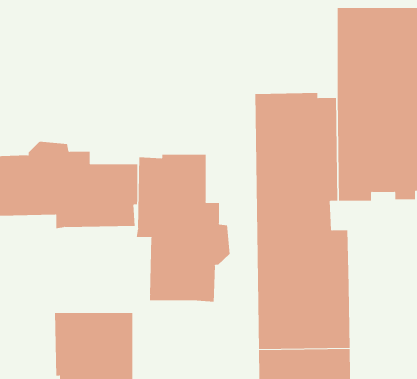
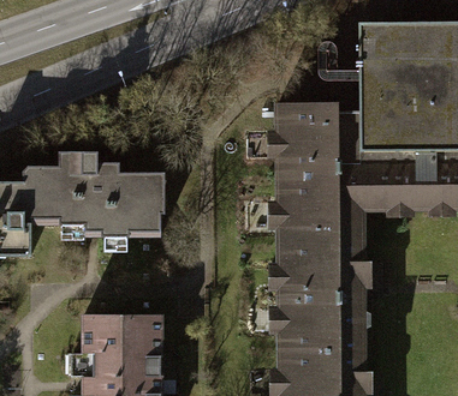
building: [136,154,230,302] -> none

